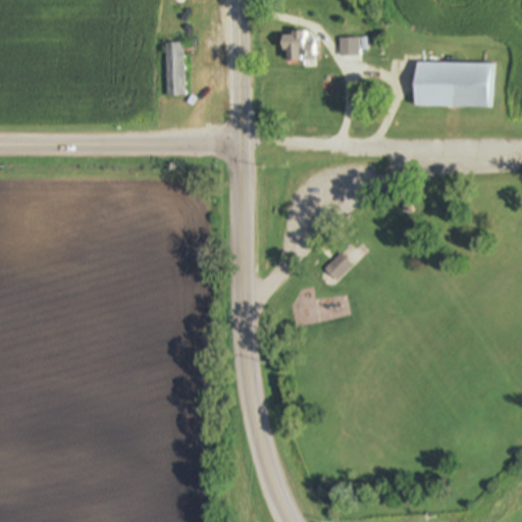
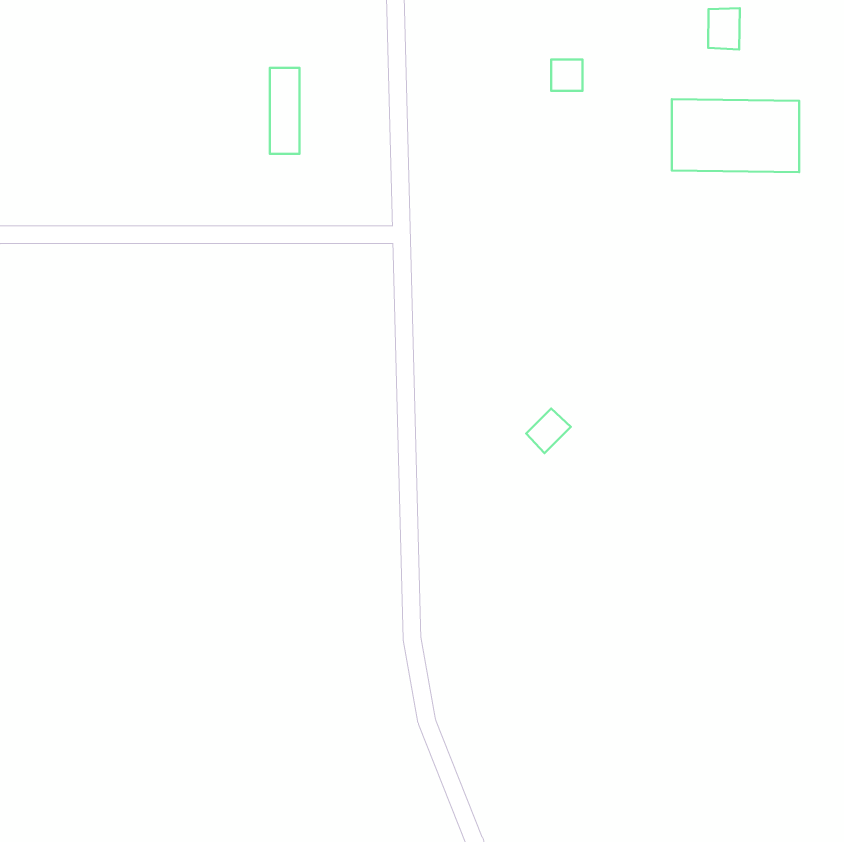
building: none -> [708,8,740,50]
building: [281,31,315,59] -> none

